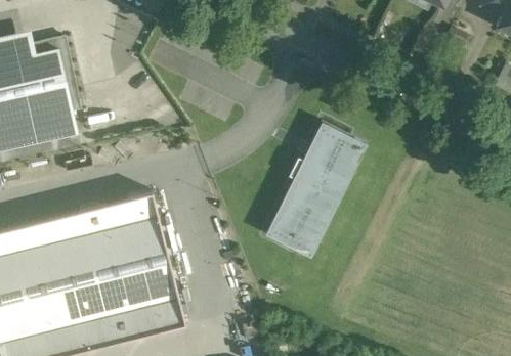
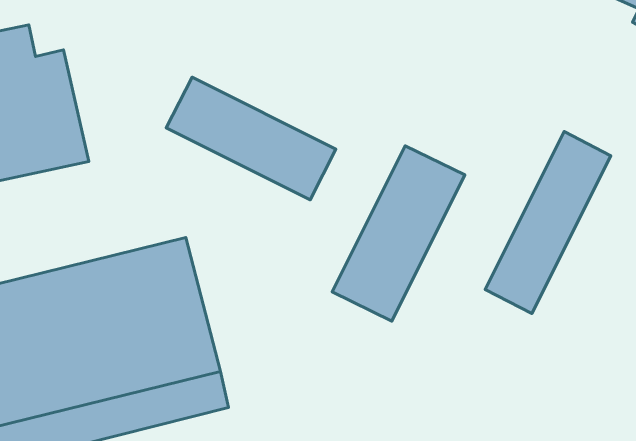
building: none -> [166,77,336,200]
building: none -> [485,132,611,314]

